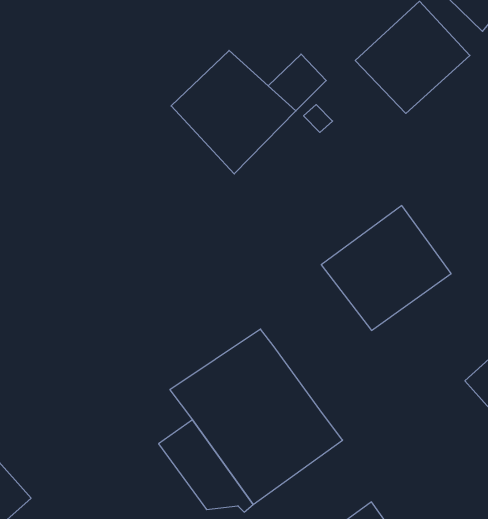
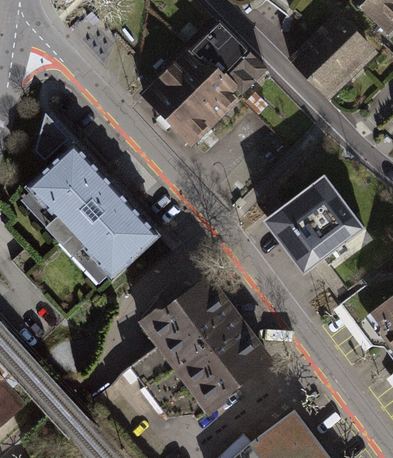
building: none -> [186,22,248,78]
building: none -> [16,113,161,288]

